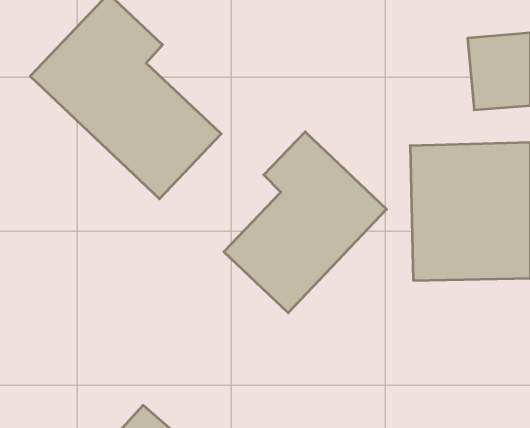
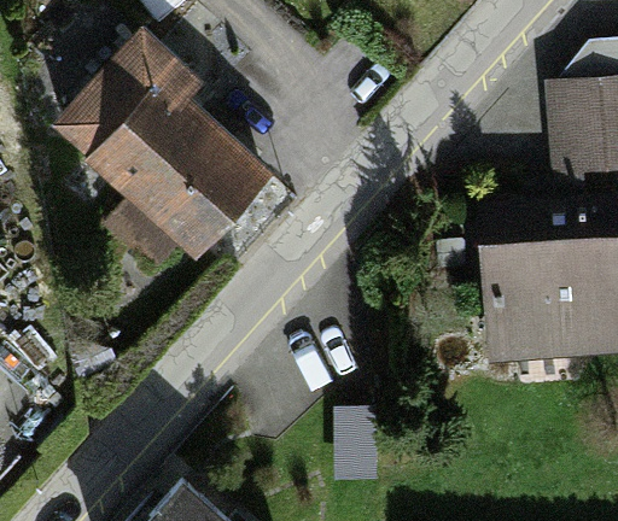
building: [224,132,387,313] -> none

